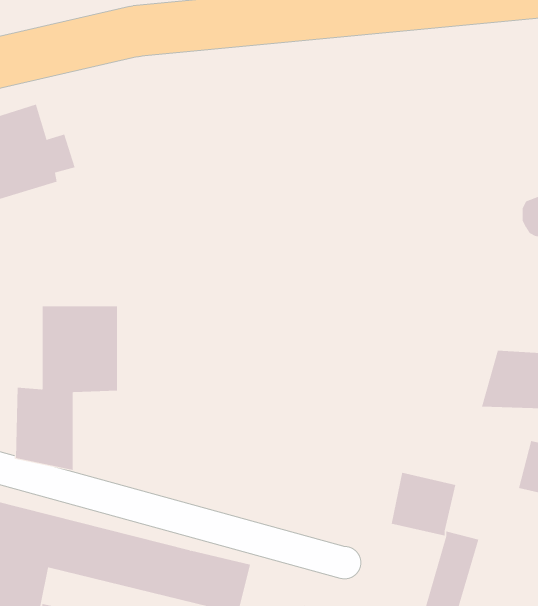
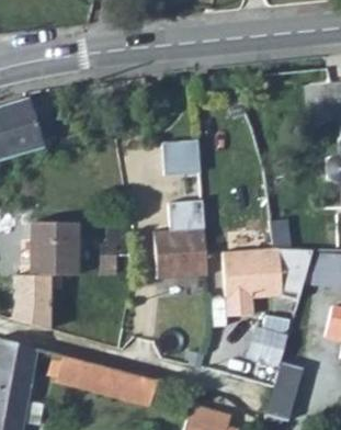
building: none -> [162,139,200,174]
building: none -> [154,200,207,278]
building: none -> [223,248,311,315]

